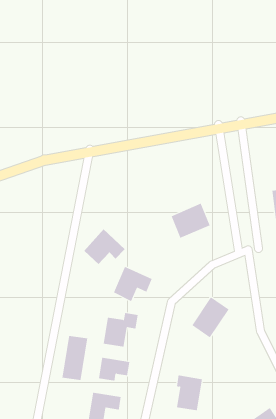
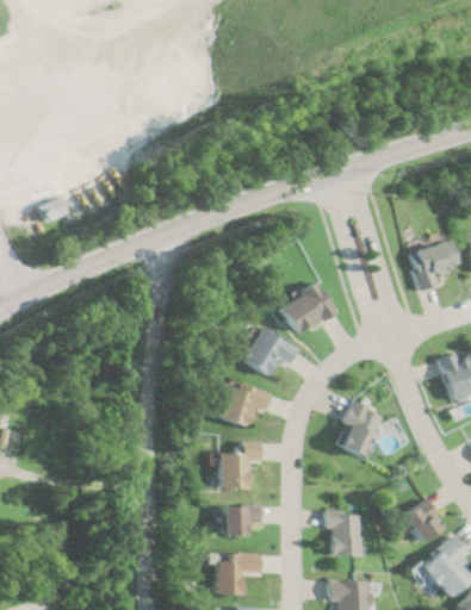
building: [83,228,125,265] -> [247,328,302,376]
building: [62,335,88,381] -> none
building: none -> [402,500,445,542]

